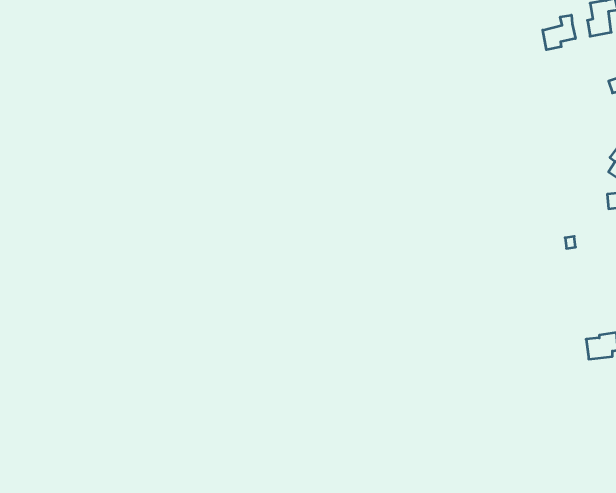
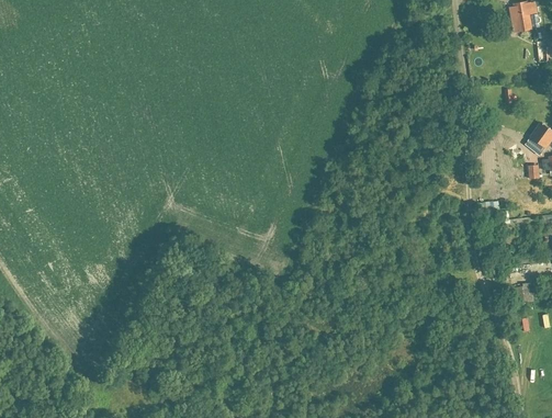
building: [543,15,575,50] -> none

